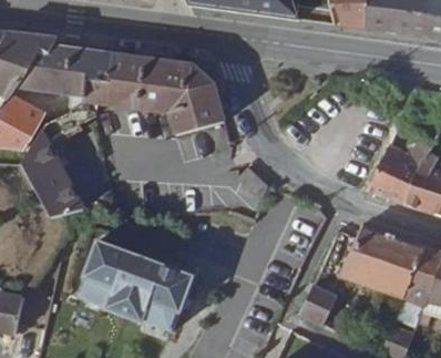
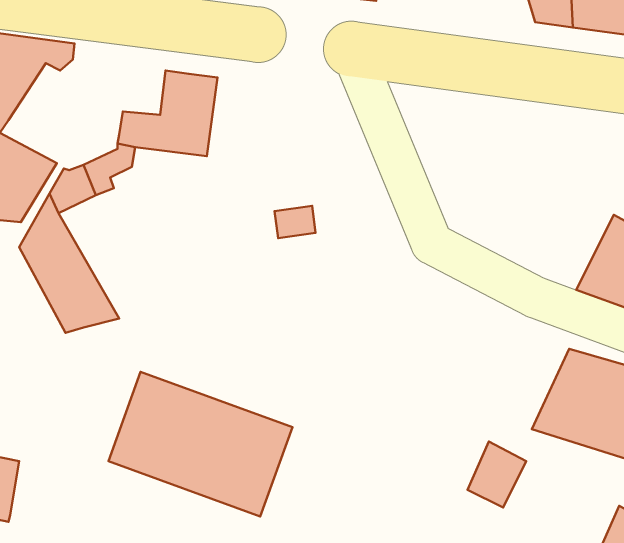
building: [17,48,114,94] -> none
building: [140,59,226,135] -> none

